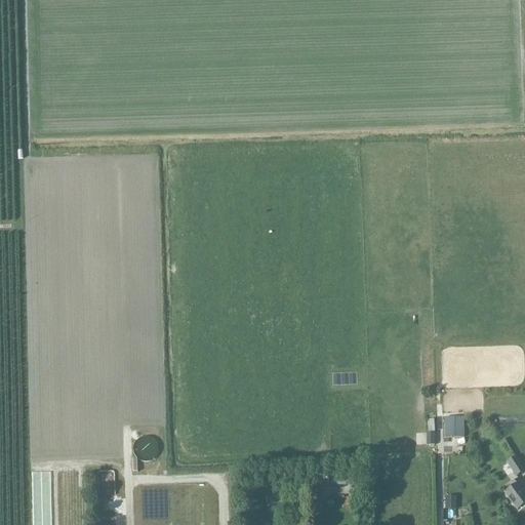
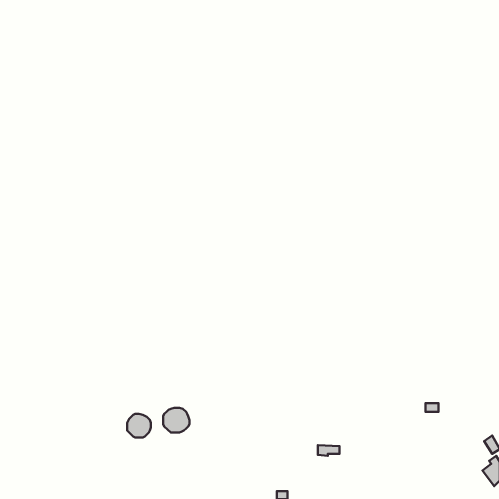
building: none -> [163,408,189,433]

